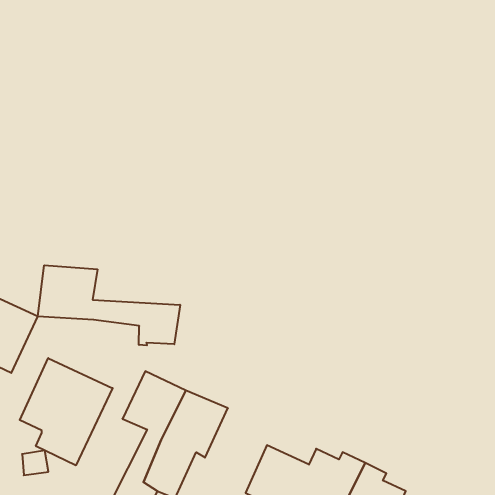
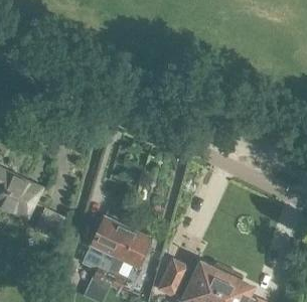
building: [38,265,180,345] -> none
building: [20,358,113,465] -> none

